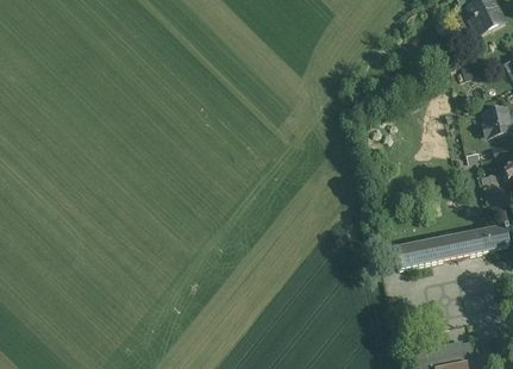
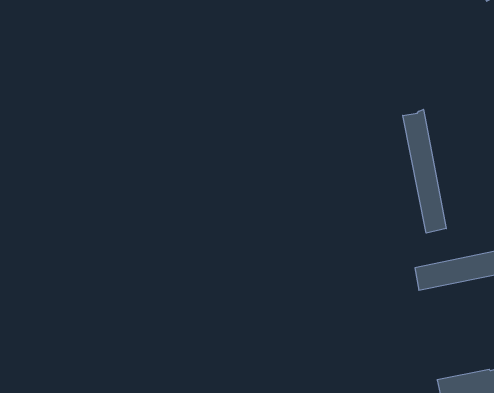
building: none -> [403,109,446,233]

